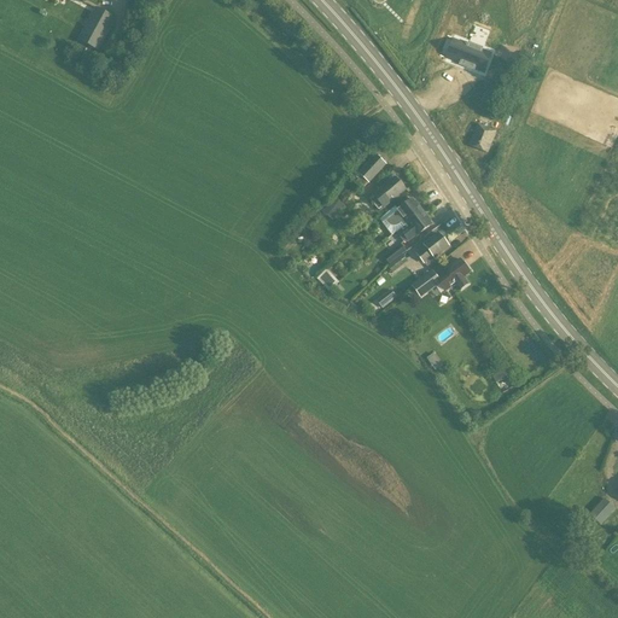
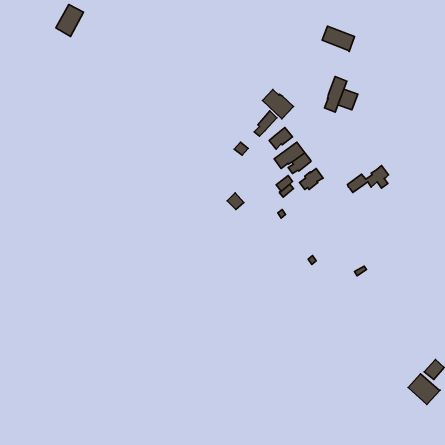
building: none -> [324,77,347,112]
building: none -> [262,89,294,119]
building: [412,258,468,296] -> [348,165,389,192]
building: none -> [408,374,440,404]

